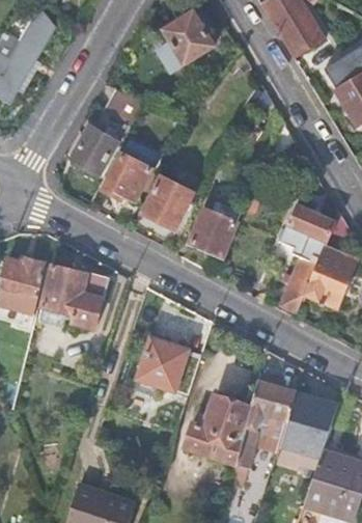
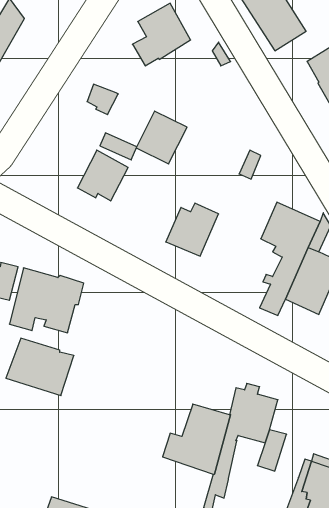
building: [72,128,117,174] -> none
building: [143,176,192,227] -> [136,111,187,164]
building: [137,340,202,395] -> [6,338,74,396]
building: [288,393,331,431] -> none

